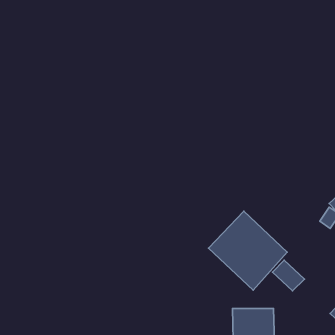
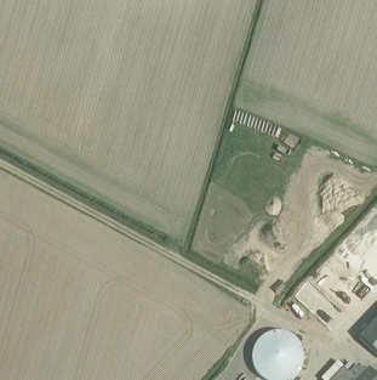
building: [209,211,287,290] -> none

